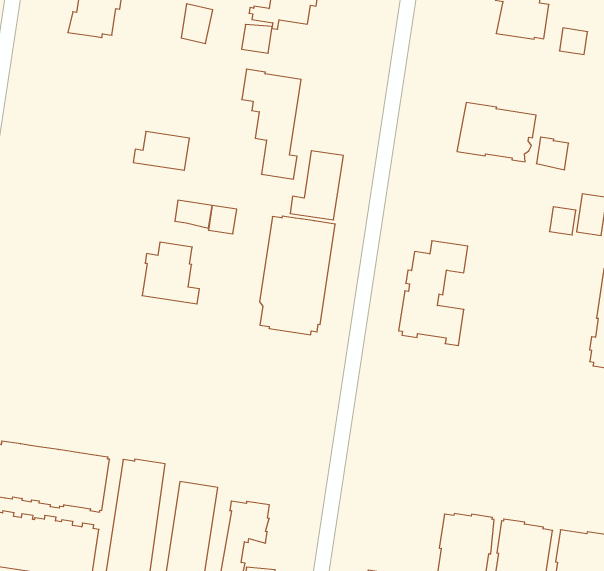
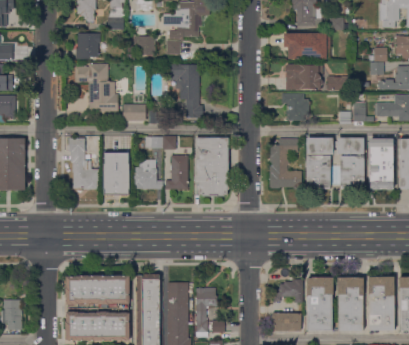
building: none -> [283,33,330,59]
building: none -> [75,64,118,111]
building: [290,151,343,220] -> [165,155,188,189]
building: none -> [281,93,309,121]
building: none -> [68,138,99,190]
building: none -> [103,145,129,190]
building: none -> [306,137,364,189]
building: none -> [273,279,303,303]

